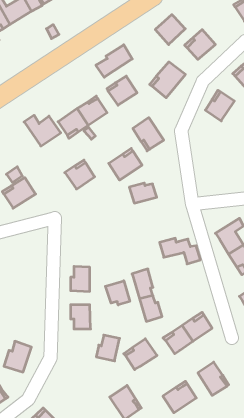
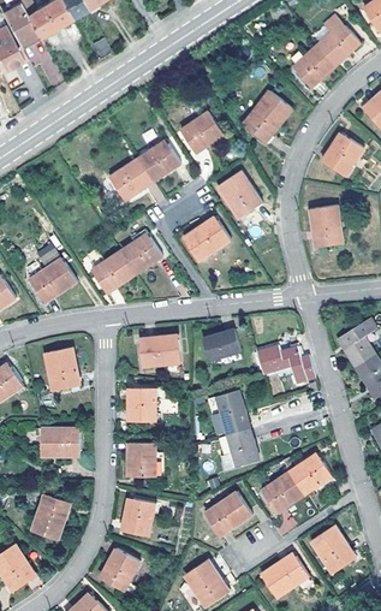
building: [155,15,185,45] -> [317,23,361,66]
building: [96,45,132,77] -> none
building: [24,115,61,146] -> [83,250,136,295]
building: none -> [310,206,344,247]
building: [129,183,157,203] -> [202,333,242,362]
building: none -> [139,334,180,368]
building: none -> [44,348,81,390]
building: [105,281,130,305] -> none
building: none -> [41,428,79,457]
building: [96,335,120,361] -> [121,499,155,536]
building: none -> [102,548,139,591]

